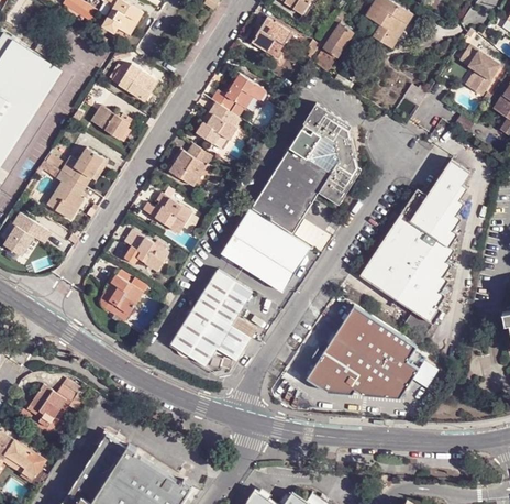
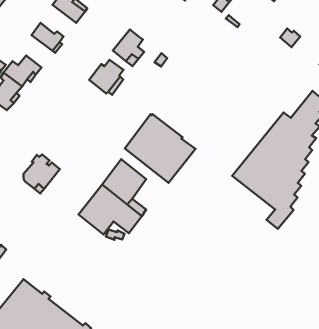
building: [209,74,264,111] -> none
building: [252,102,359,232] -> none
building: [141,195,191,233] -> none
building: [121,229,167,270] -> none
building: [309,303,424,396] -> none

